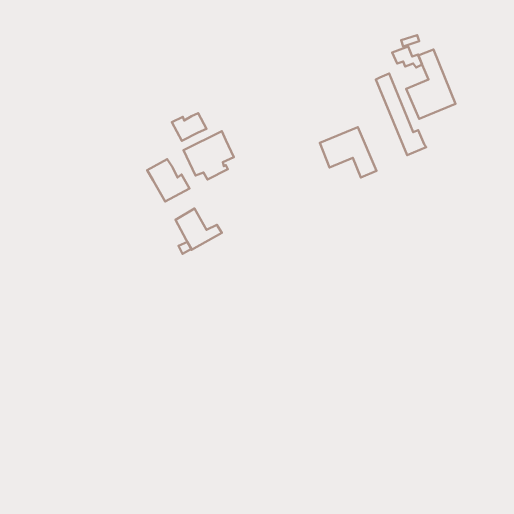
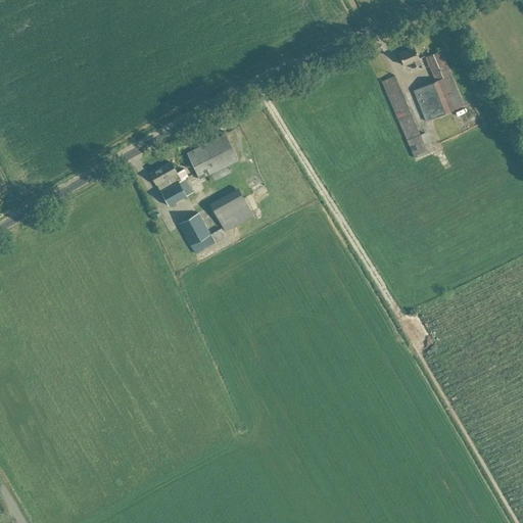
building: [172,113,206,141] -> none
building: [320,127,376,177] -> none
building: none -> [209,188,253,231]

